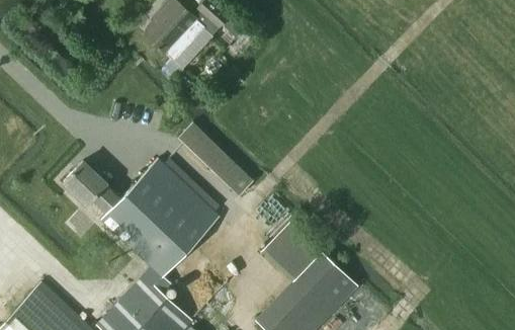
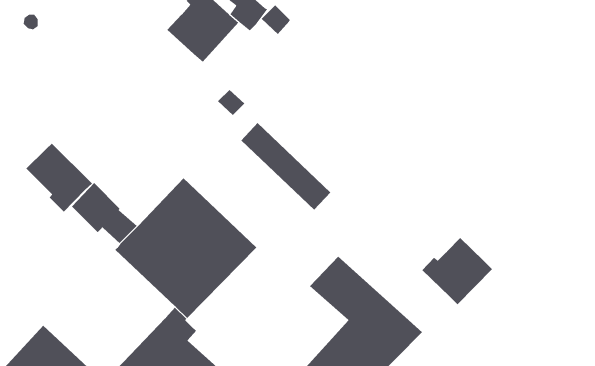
building: [178,123,254,197] -> [241,122,331,210]
building: none -> [26,143,93,212]
building: none -> [421,237,493,305]

